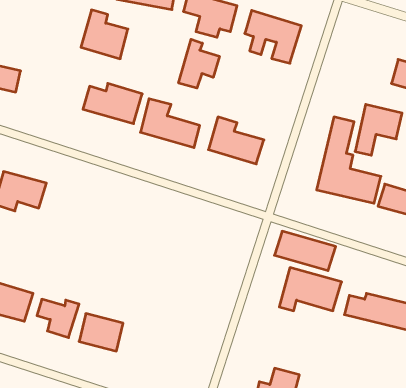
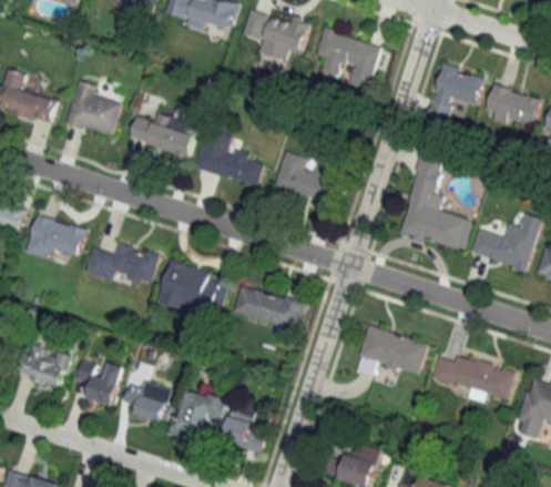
building: [81,10,128,59] -> [65,81,120,138]
building: [179,39,219,88] -> none
building: [355,104,402,155] -> [427,65,481,124]
building: none -> [84,244,157,284]
building: none -> [157,261,227,317]
building: [274,231,336,271] -> [232,286,303,332]
building: none -> [176,388,228,436]
building: none -> [222,404,263,455]

